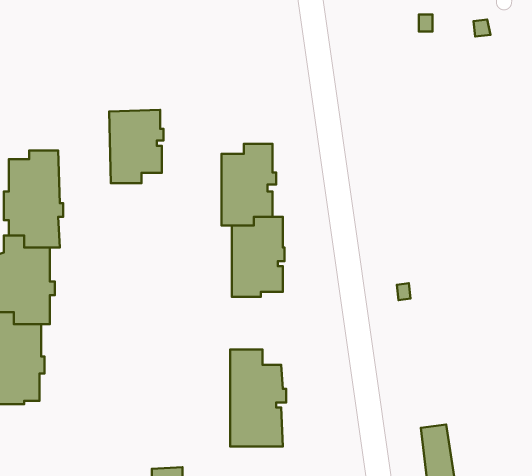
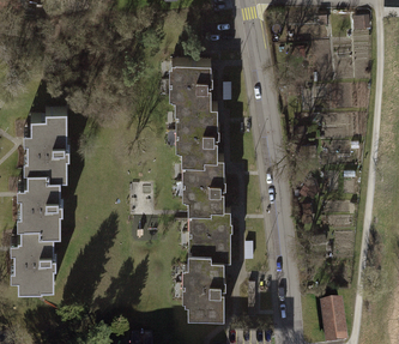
building: [109,110,164,183] -> [173,62,211,114]
building: none -> [192,211,231,262]

